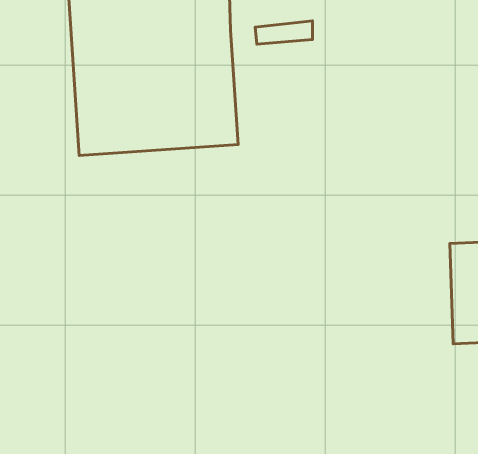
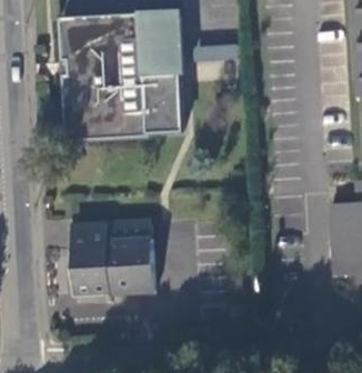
building: none -> [68,218,152,293]

